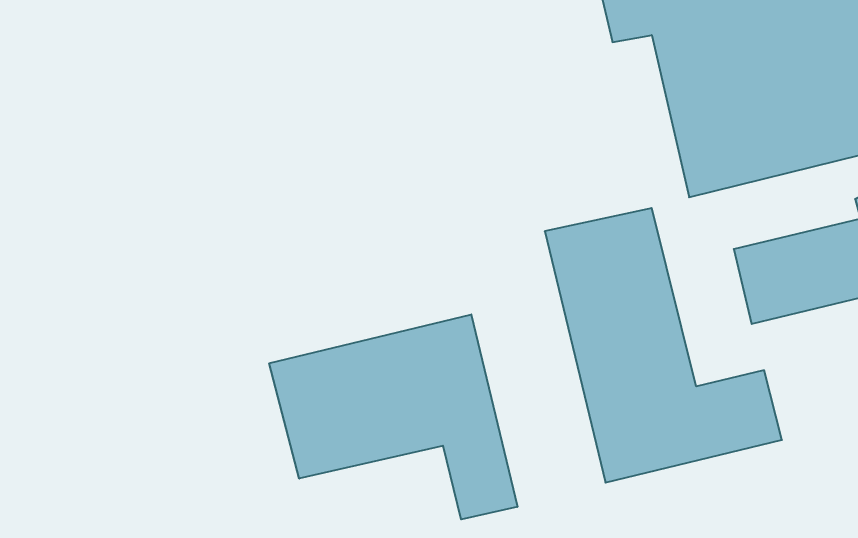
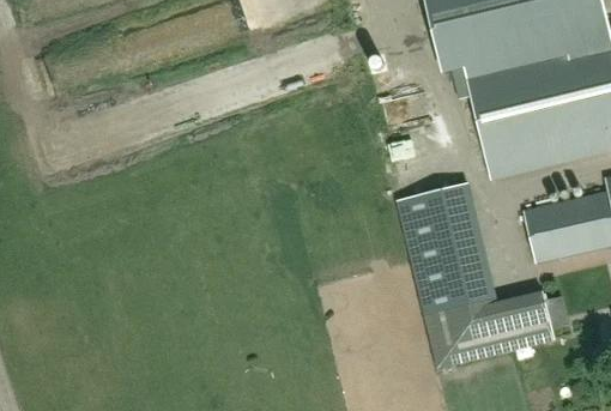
building: [269,314,517,519] -> none

